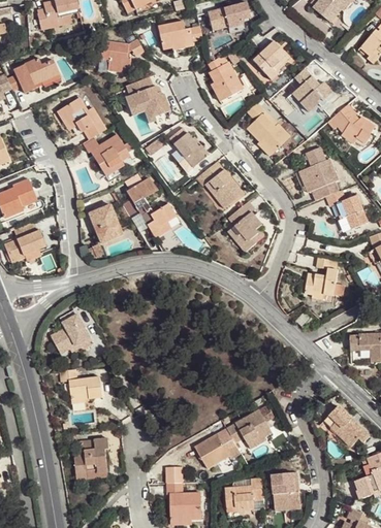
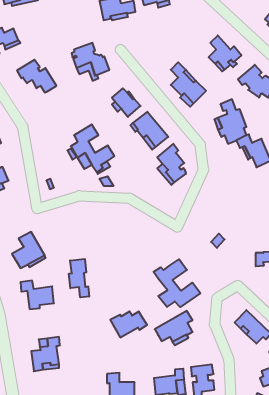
building: [100,39,145,73] -> none
building: [252,41,288,80] -> none
building: [208,57,244,102] -> none
building: [83,135,130,176] -> none
building: [89,204,122,243] -> none
building: [305,257,338,298] -> none
building: none -> [69,259,89,297]
building: none -> [154,259,200,307]
building: [195,436,241,468] -> [110,311,147,337]

